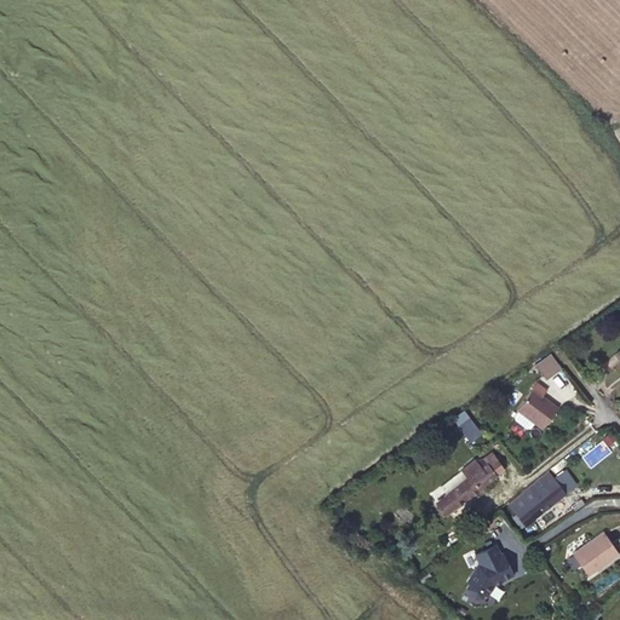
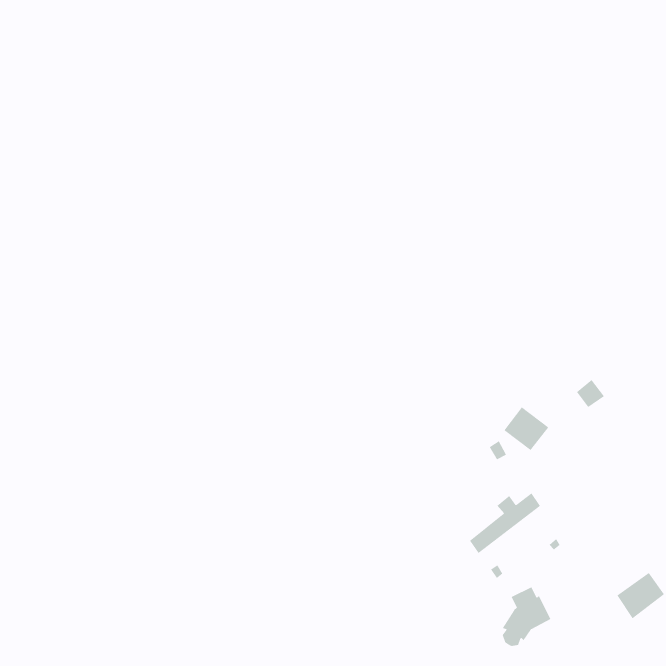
building: [516,388,558,429] -> [503,407,549,451]
building: [512,477,566,528] -> none

